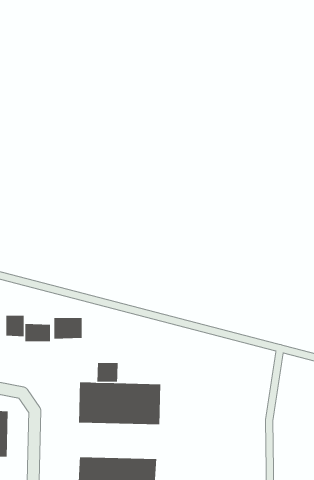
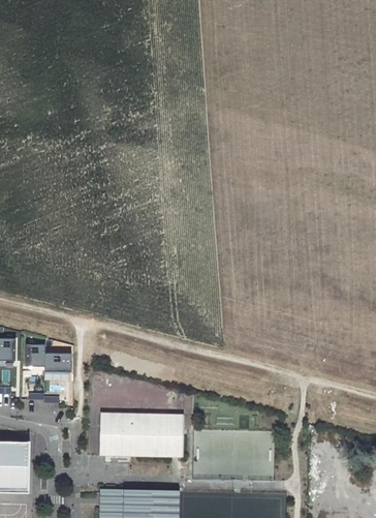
building: [53,317,82,340] -> none
building: [97,362,118,383] -> none

